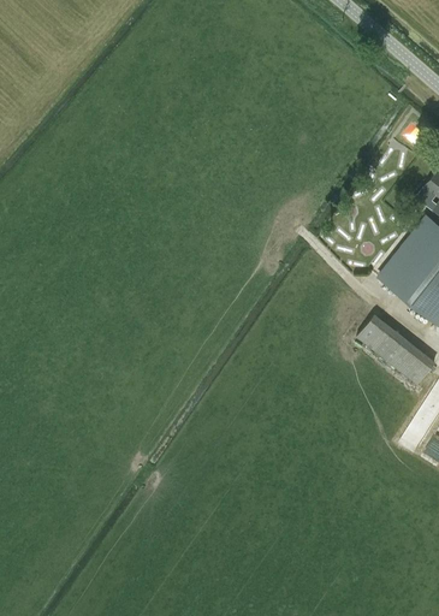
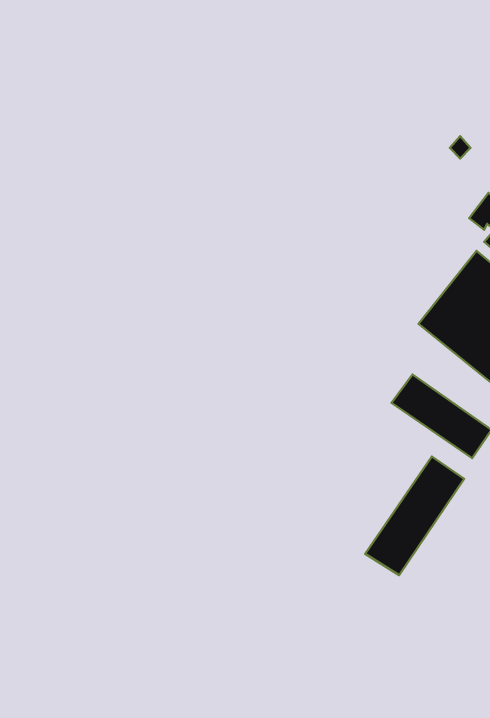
building: none -> [365,456,464,575]

